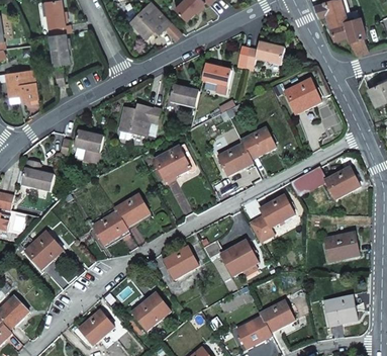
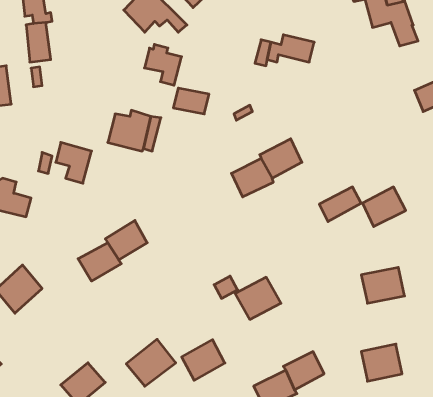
building: [201,62,231,95] -> [144,44,182,85]
building: [285,79,320,113] -> none
building: [153,146,190,181] -> none
building: [249,195,294,241] -> none
building: [164,246,199,279] -> [182,340,225,380]

